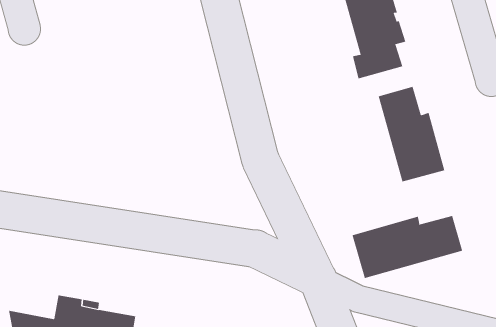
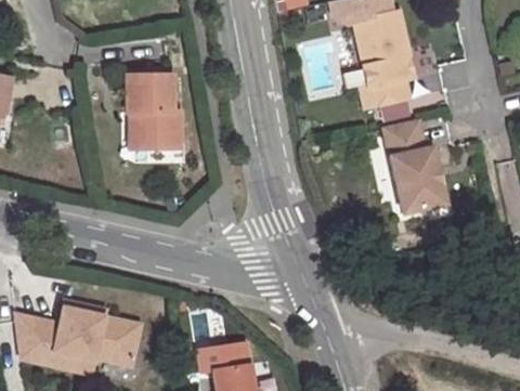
building: none -> [128,74,180,148]
building: [352,215,463,279] -> none

